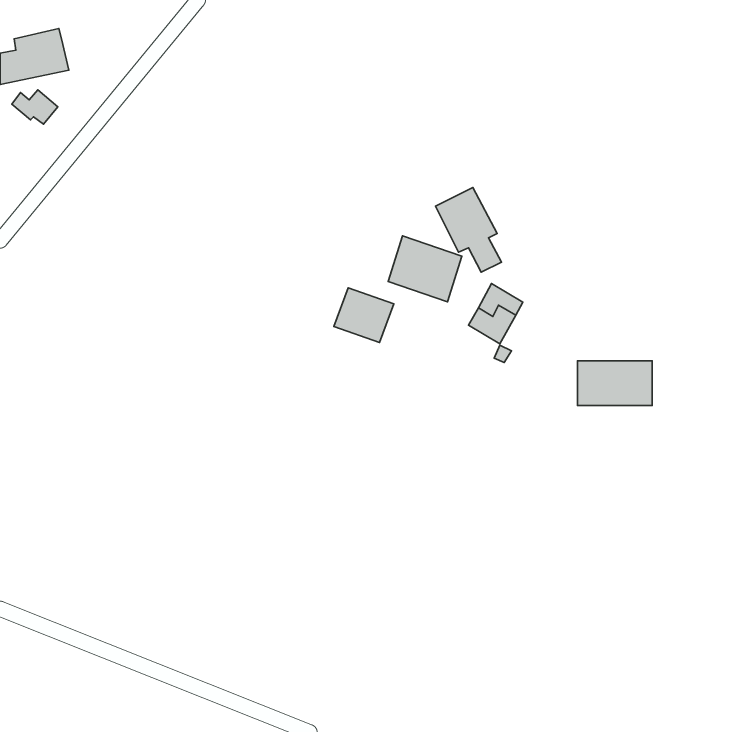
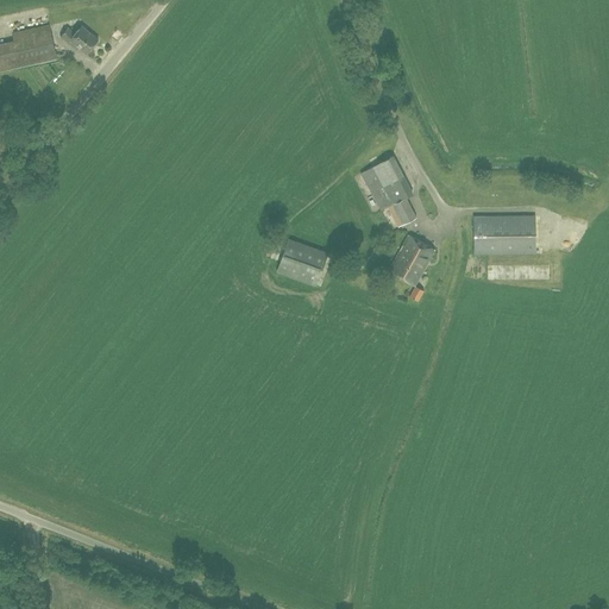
building: [12,90,58,124] -> [61,25,99,54]
building: [388,236,462,302] -> none
building: [578,361,652,405] -> [473,216,535,253]

